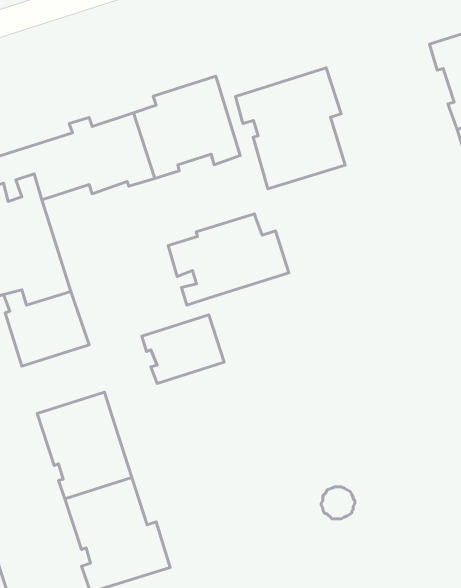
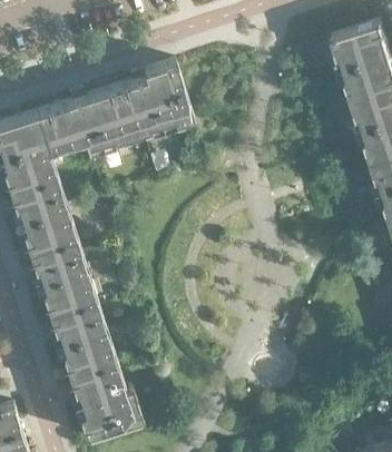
building: [236,68,345,189] -> none
building: [168,214,289,305] -> none
building: [142,315,224,384] -> [33,259,94,309]

